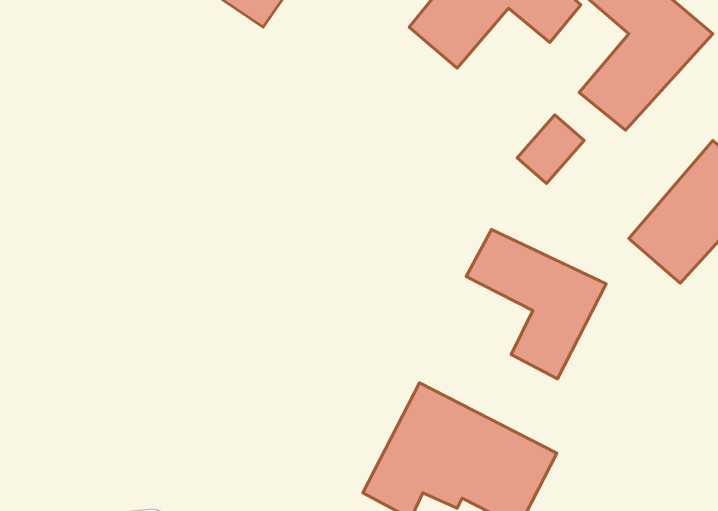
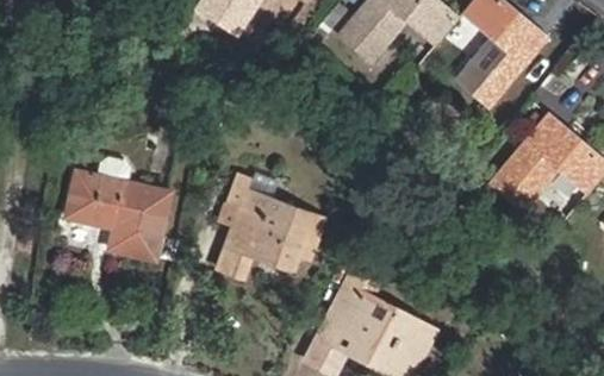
building: none -> [64,171,172,261]
building: [466,229,606,379] -> none
building: none -> [217,174,318,278]

